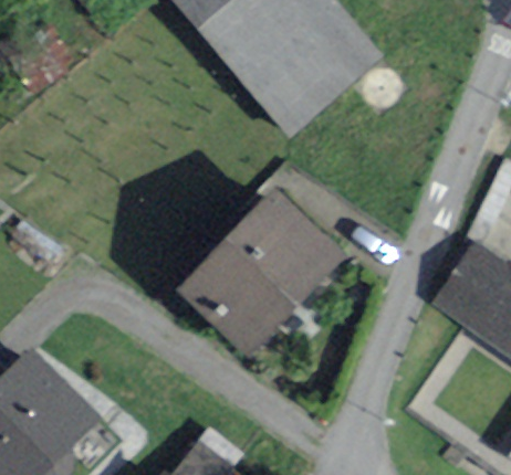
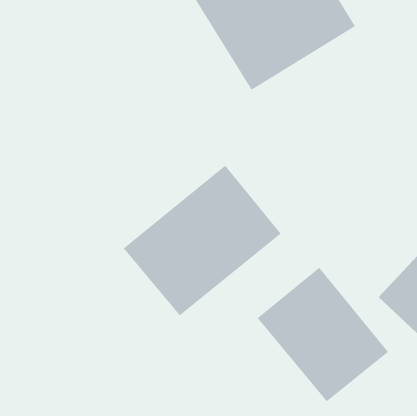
building: none -> [257,267,389,402]

